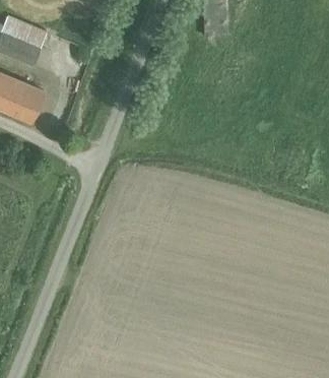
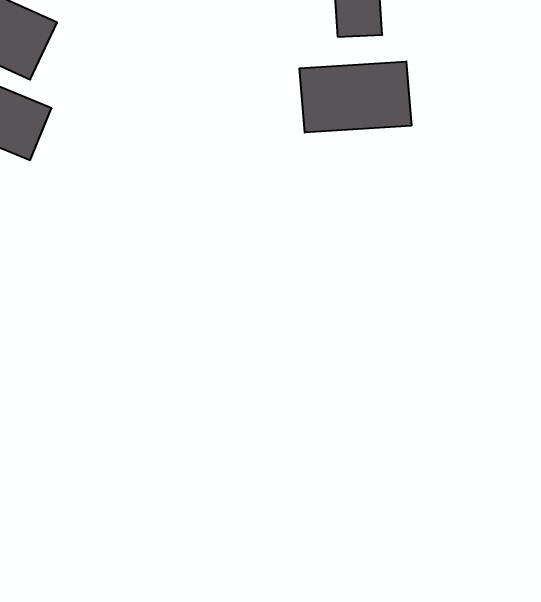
building: none -> [300,61,411,133]

